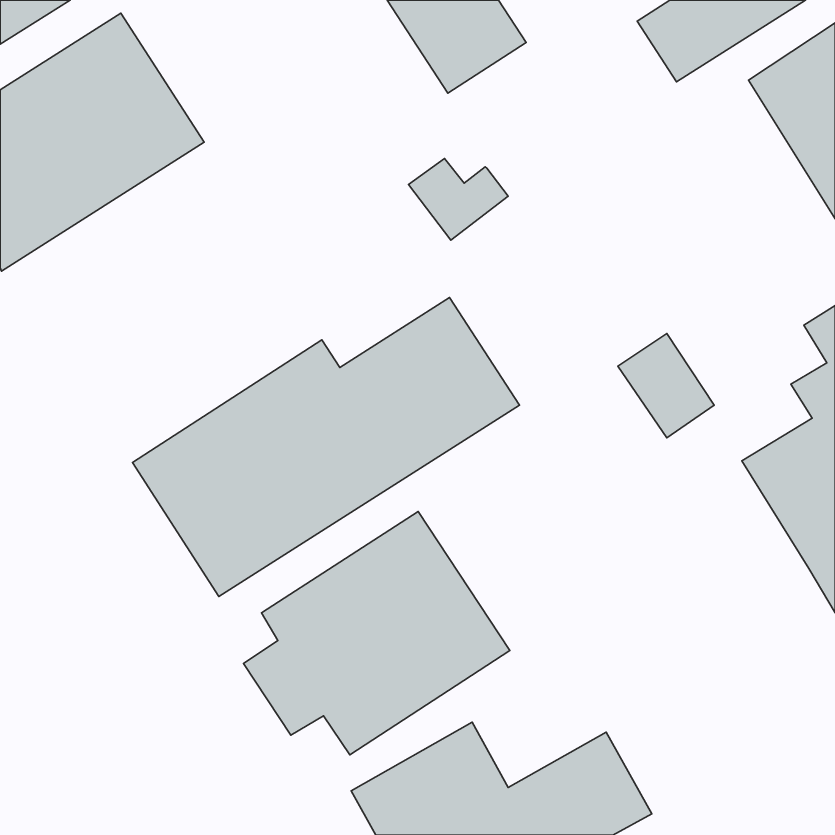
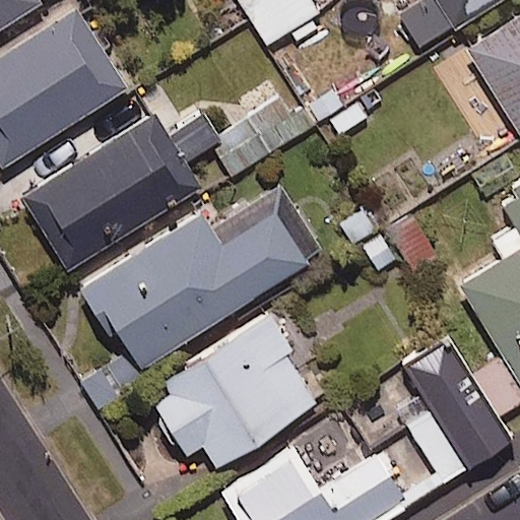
building: none -> [20,113,220,271]
building: none -> [381,335,511,483]

